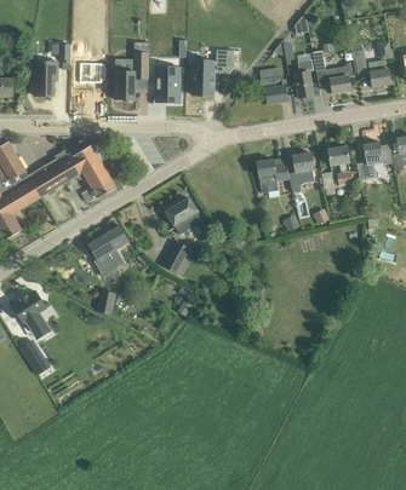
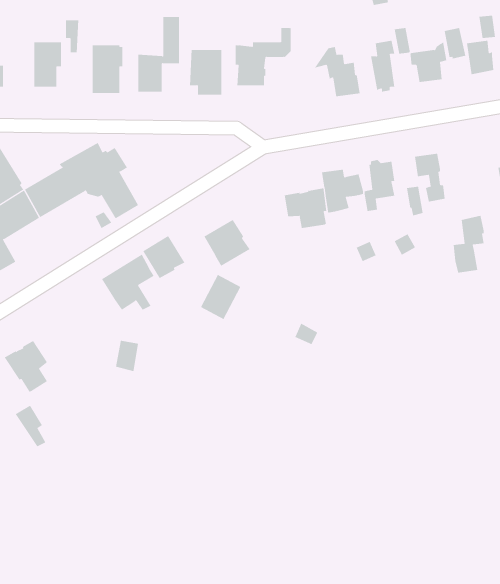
building: [358,140,382,185] -> [453,215,484,273]
building: none -> [284,188,327,229]
building: none -> [142,235,185,279]

